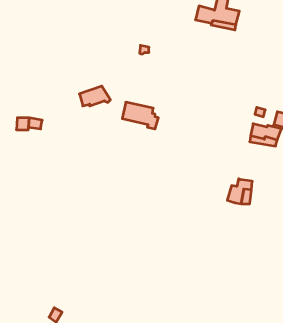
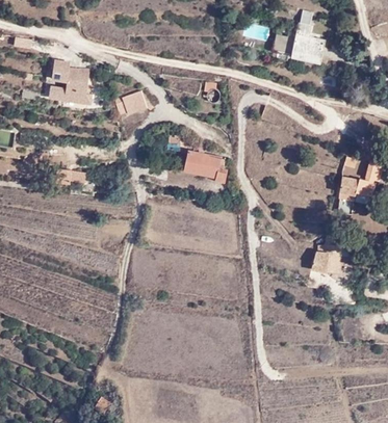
building: none -> [49,62,90,103]
building: [79,86,110,106] -> [114,92,152,116]

